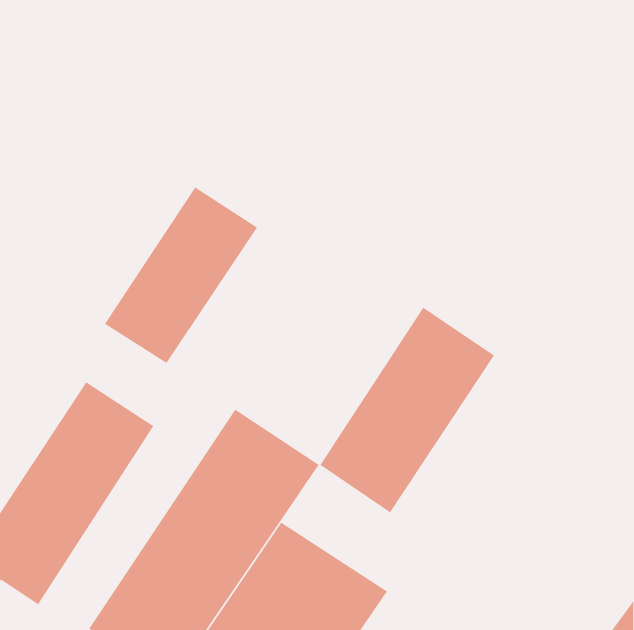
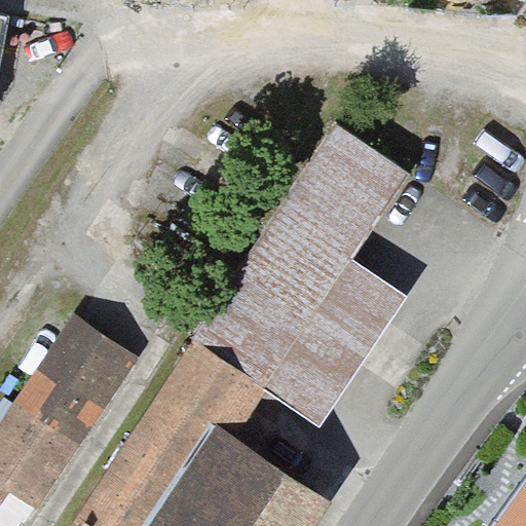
building: none -> [194,127,406,388]
building: [104,186,258,364] -> none

